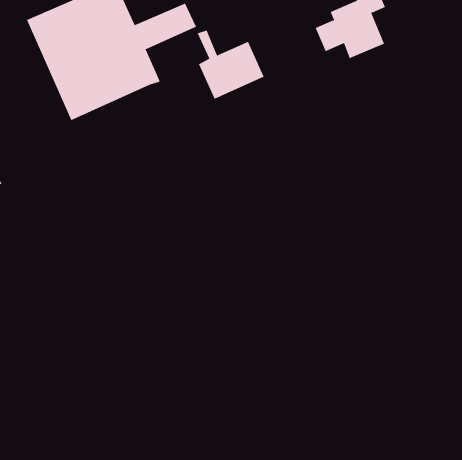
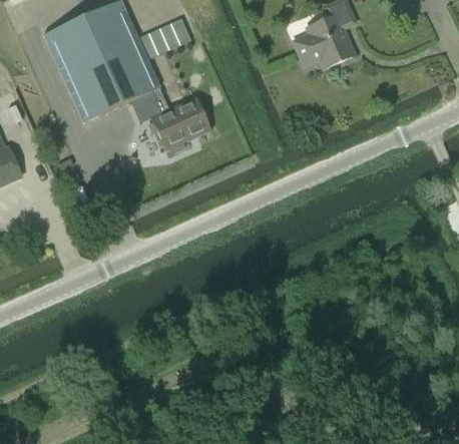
building: [197,30,265,100] -> [149,87,208,148]

